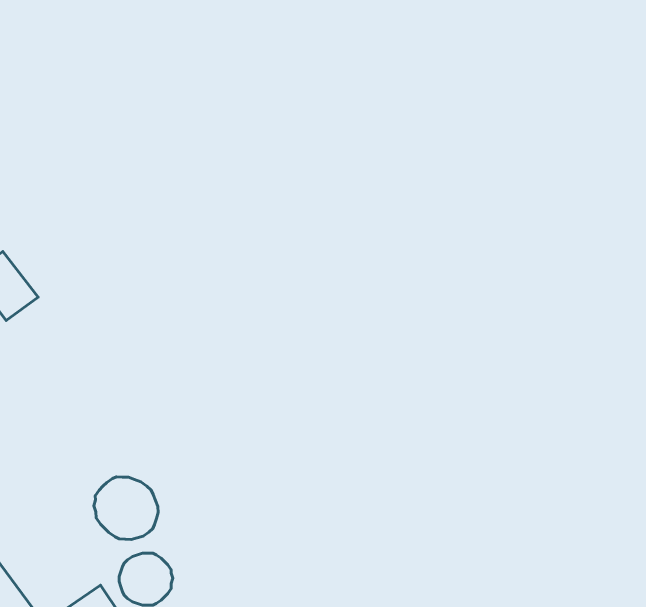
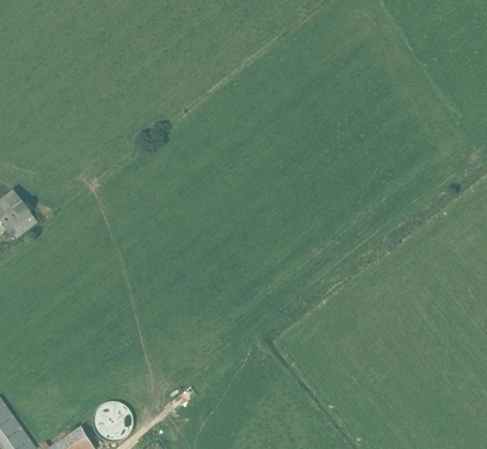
building: [94,477,158,540] -> none

